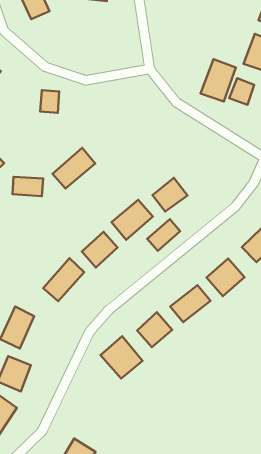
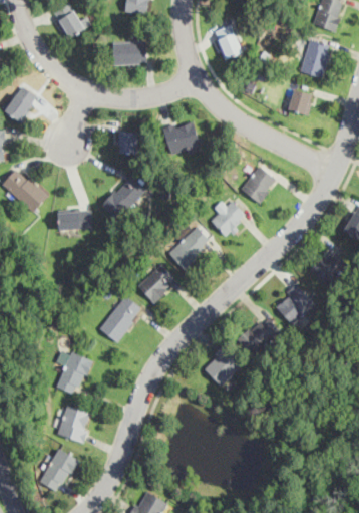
building: none -> [213,25,244,62]
building: none -> [113,42,145,65]
building: [201,59,236,102] -> none
building: [40,90,59,113] -> [119,132,138,155]
building: none -> [162,119,200,155]
building: none -> [241,166,278,204]
building: [147,219,180,251] -> none
building: [100,336,142,378] -> none

